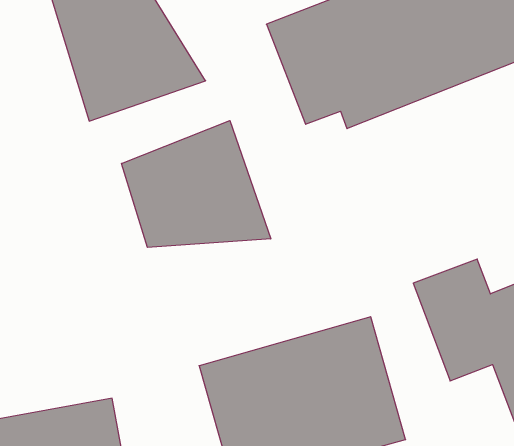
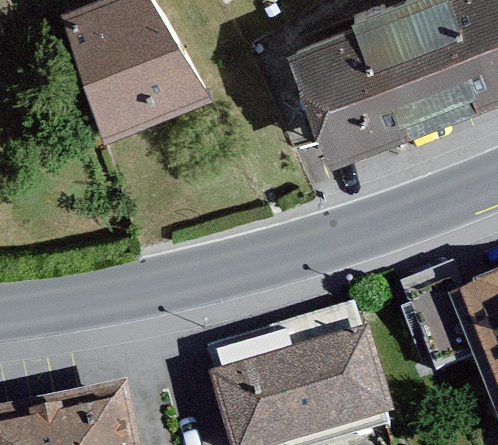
building: [122,121,271,247] -> none

